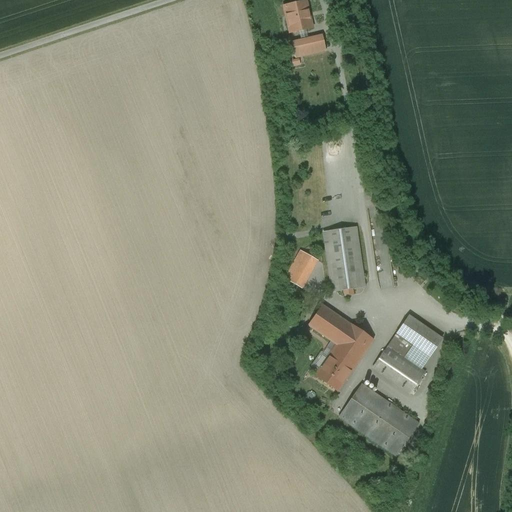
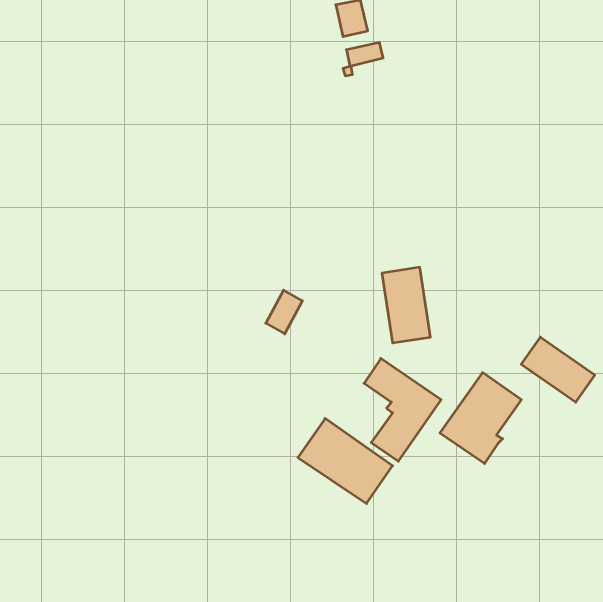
building: [286,249,317,286] -> [266,290,302,334]
building: none -> [521,337,595,402]
building: [339,382,419,454] -> [298,418,393,504]

